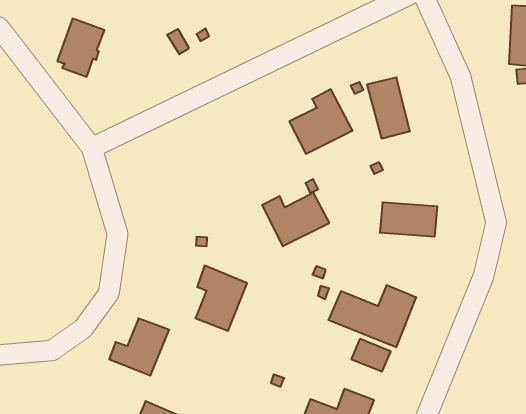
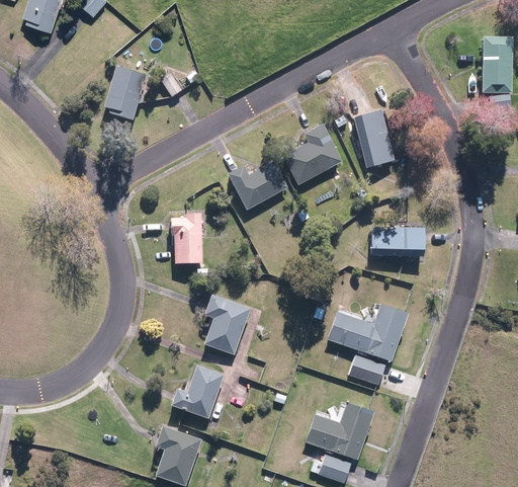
building: [57,19,104,77] -> [105,68,148,121]
building: none -> [169,212,203,263]
building: [262,193,329,246] -> [226,159,289,211]
building: [109,318,169,375] -> [170,364,225,417]

